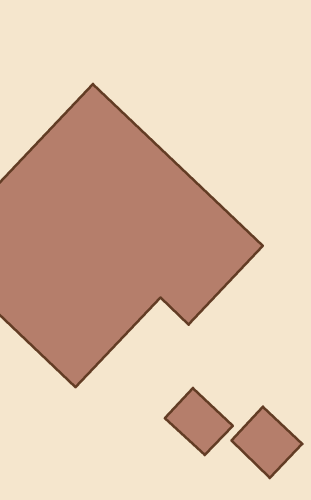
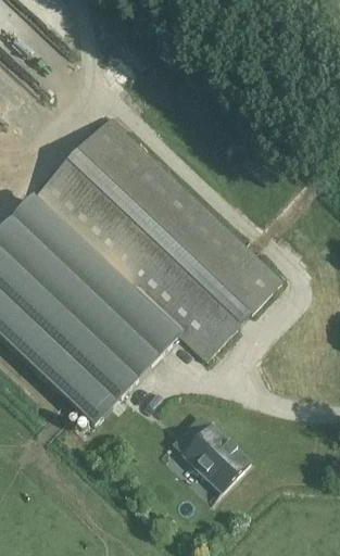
building: [232,407,302,478] -> none

